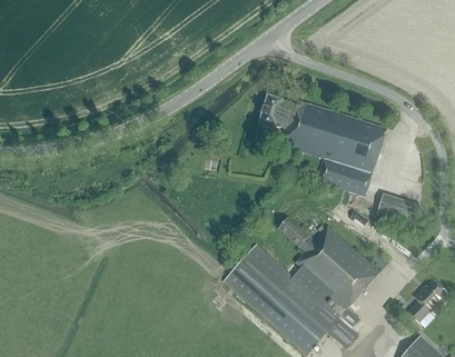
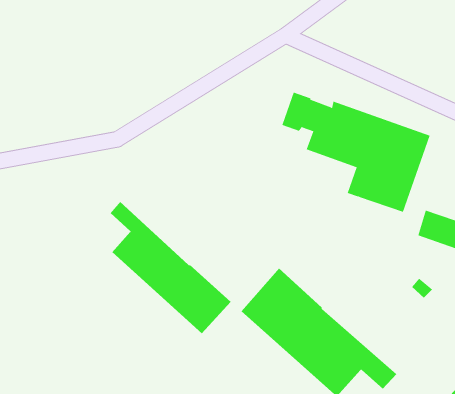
building: none -> [110,201,232,334]
building: [276,215,376,315] -> none

